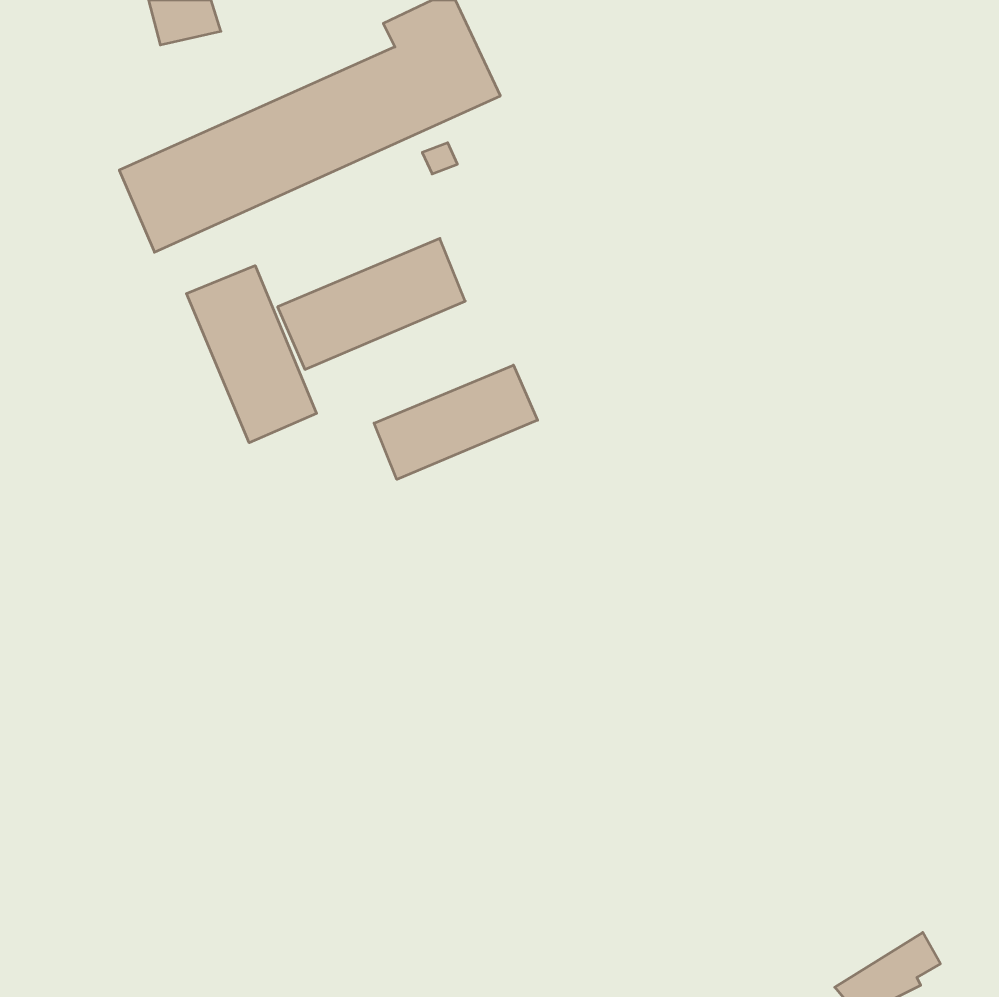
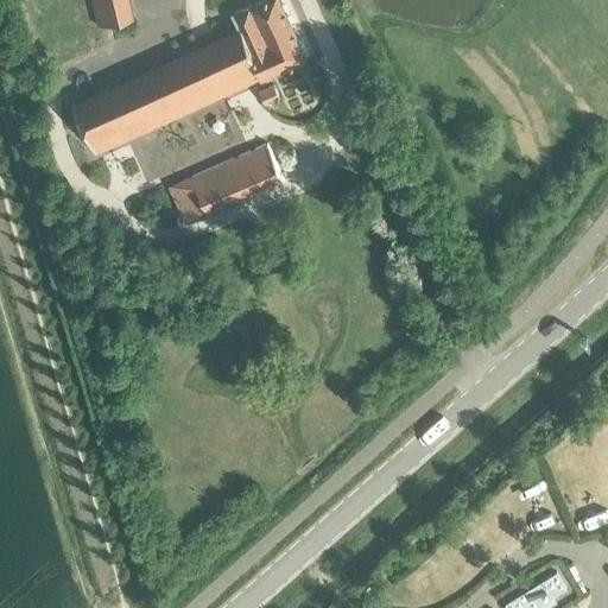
building: [186,266,317,443] -> none
building: [374,365,538,479] -> none

